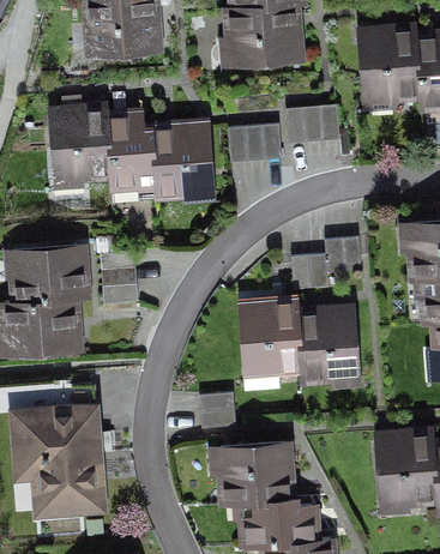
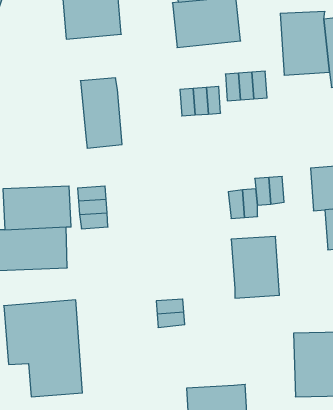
building: [46,103,111,193] -> none
building: [151,120,218,206] -> none
building: [236,296,300,381] -> none
building: [210,446,299,502] -> none

